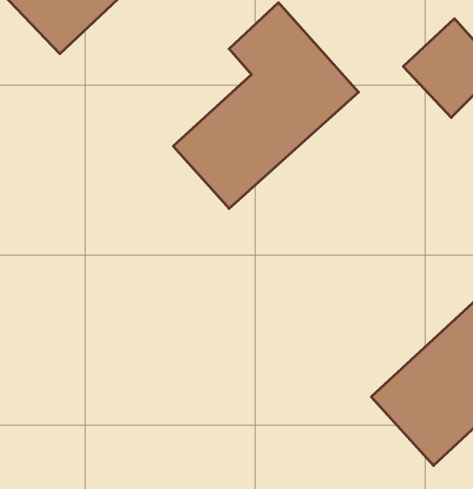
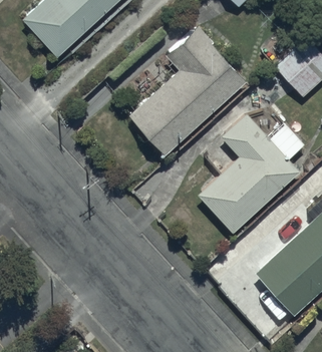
building: none -> [196,114,304,234]

